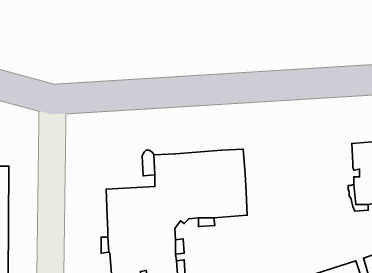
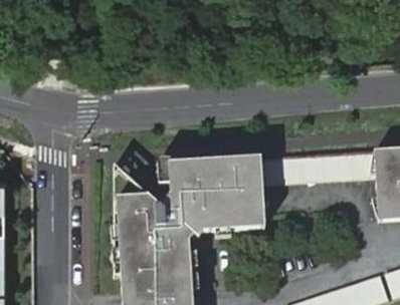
building: none -> [260,154,376,186]

